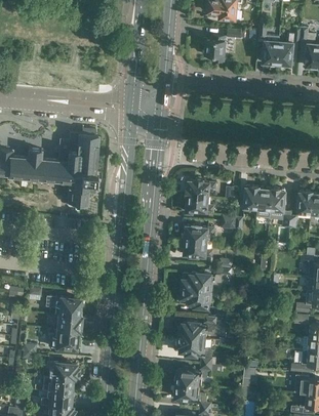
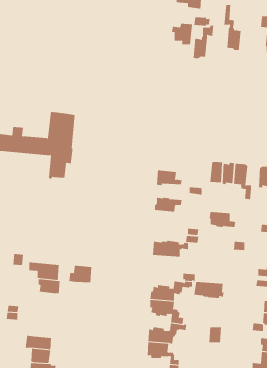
building: [277,30,301,67] -> [193,25,214,59]
building: [185,178,215,198] -> none
building: [183,240,212,257] -> [209,211,236,227]
building: [180,289,213,307] -> [194,282,225,299]
building: [51,329,77,348] -> [69,265,92,283]
building: [46,362,76,379] -> none

